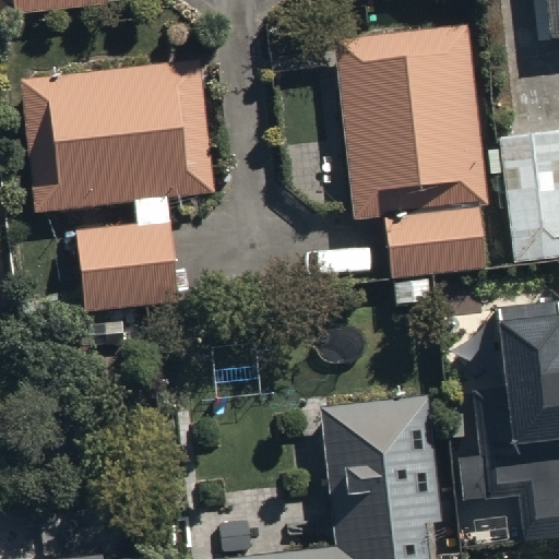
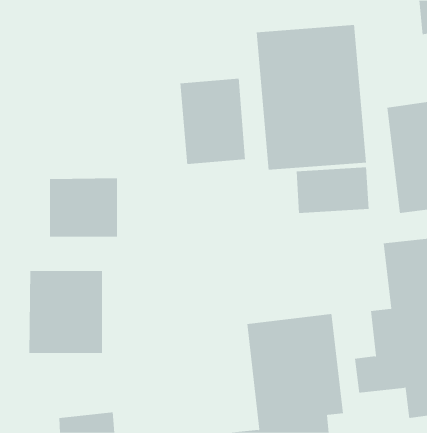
building: [19,61,195,203] -> none
building: none -> [180,78,246,165]
building: none -> [29,270,102,354]

